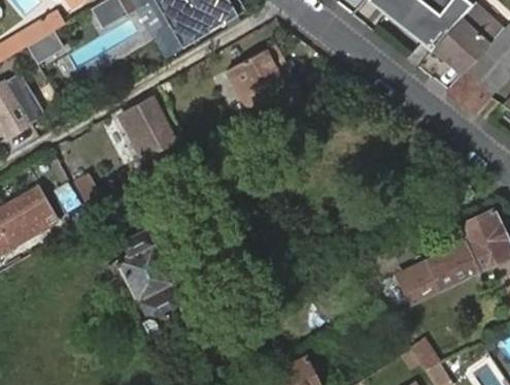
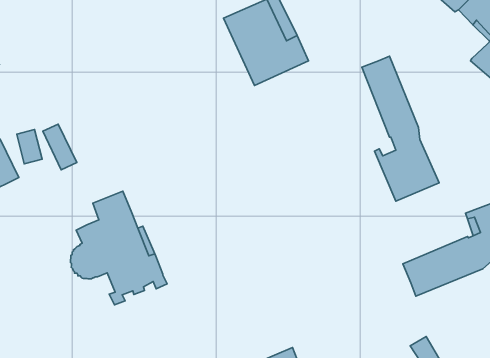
building: none -> [362,56,439,201]
building: [117,100,173,157] -> none

